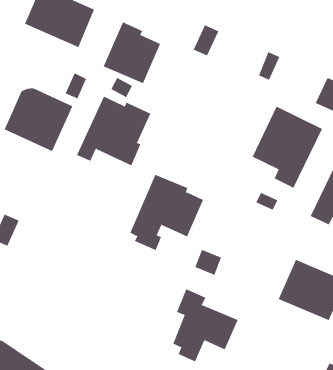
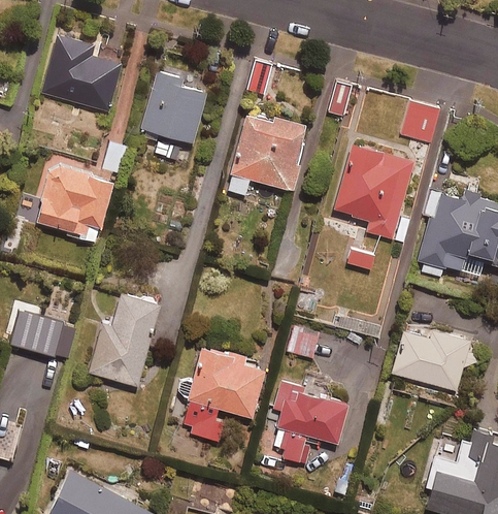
building: [76,96,151,166] -> [226,114,307,194]
building: [129,174,204,251] -> [182,349,265,440]
building: none -> [87,294,161,387]

